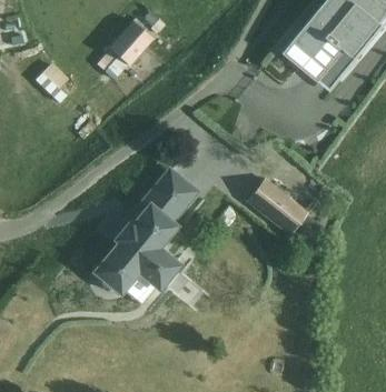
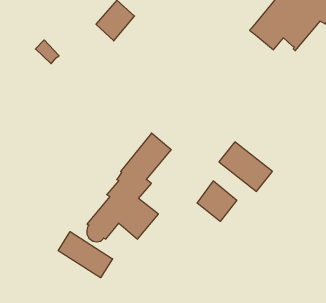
building: none -> [197,181,237,221]
building: none -> [58,232,113,278]

